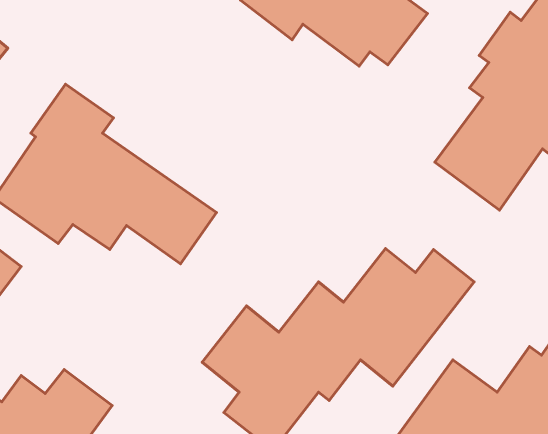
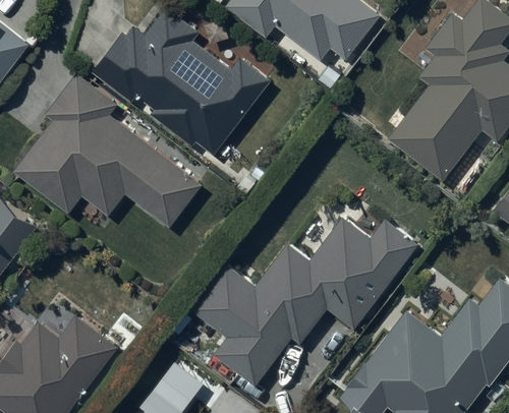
building: none -> [90,9,271,155]

